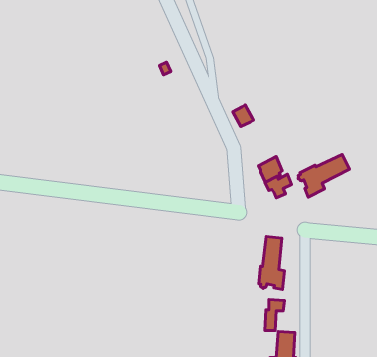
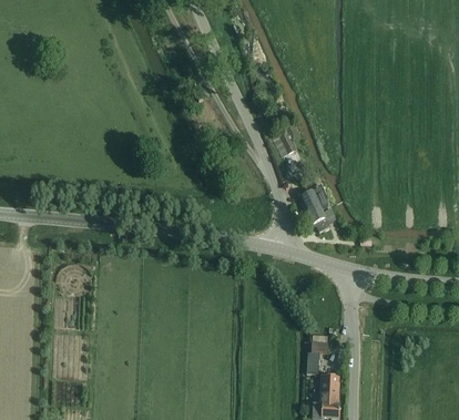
building: [298,155,349,197] -> none
building: [259,236,285,290] -> none

